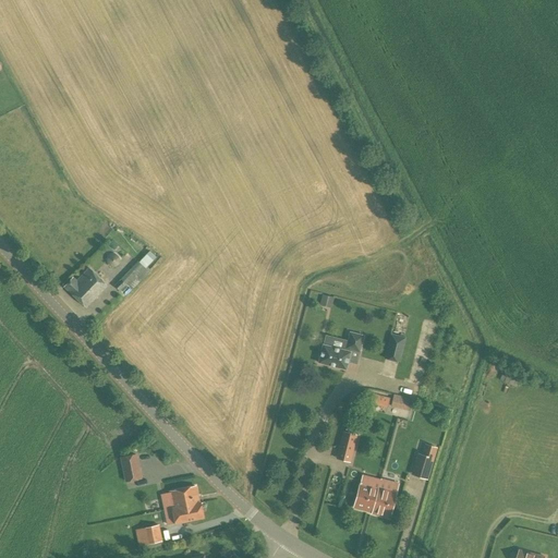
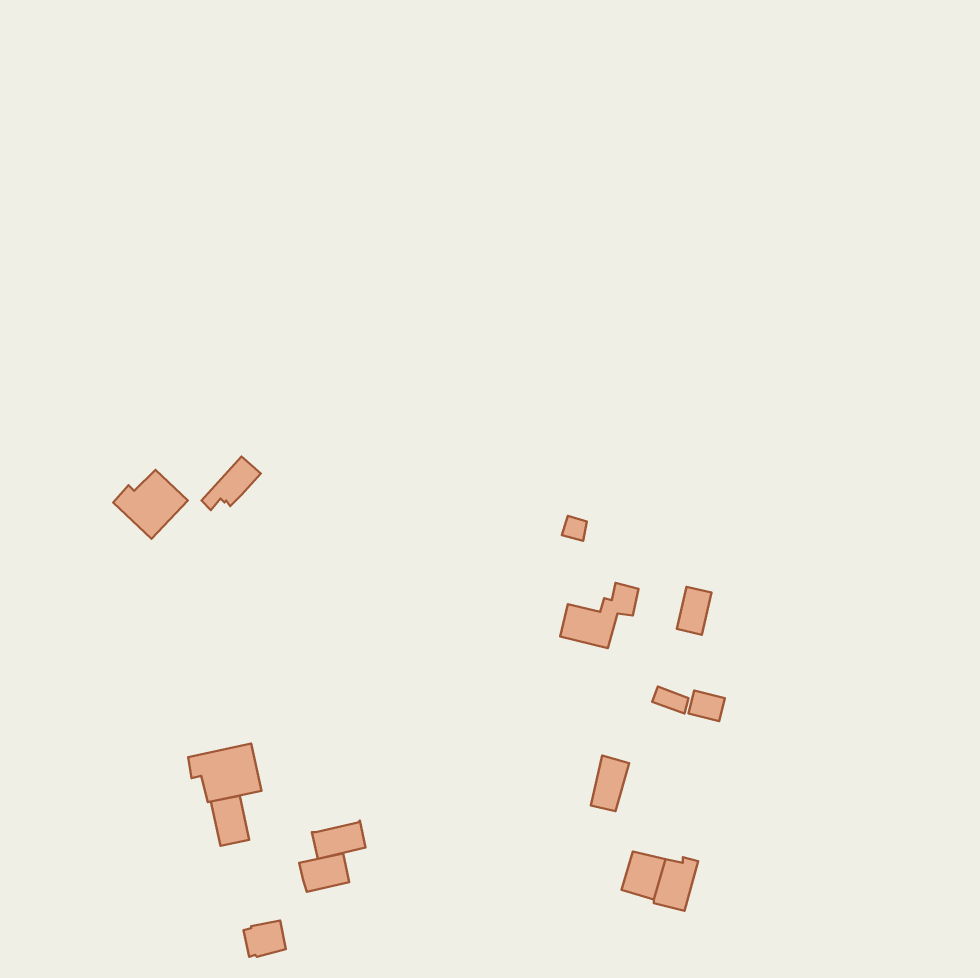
building: none -> [188,744,261,802]
building: [411,442,437,478] -> none
building: [172,500,203,522] -> [312,821,366,859]

